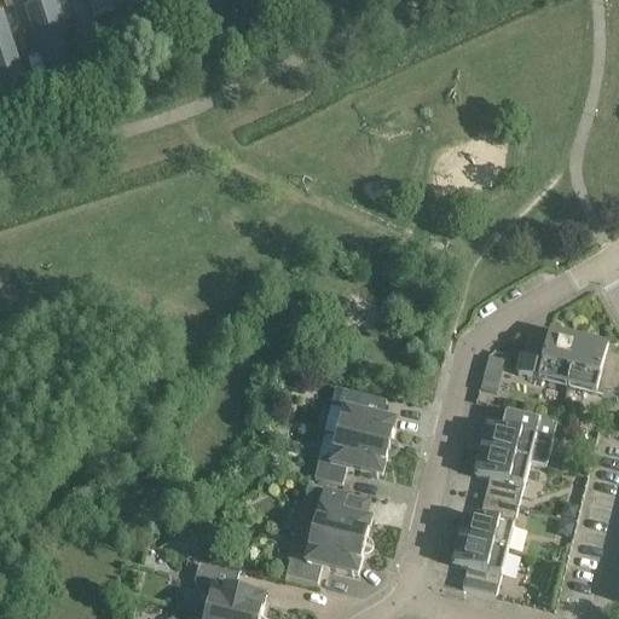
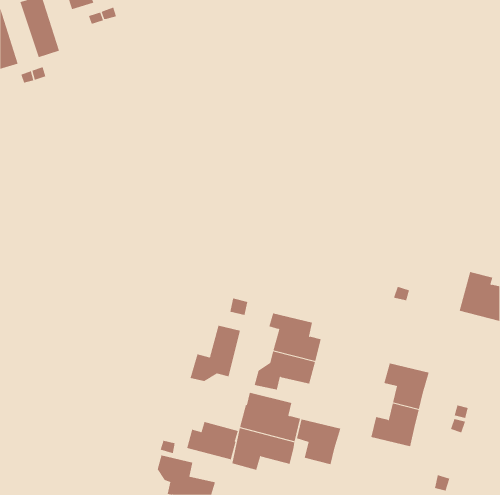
building: [517,328,579,383] -> none
building: none -> [190,325,240,382]
building: [480,406,556,465] -> none
building: none -> [186,421,239,460]
building: [451,539,507,596] -> [296,419,341,465]

